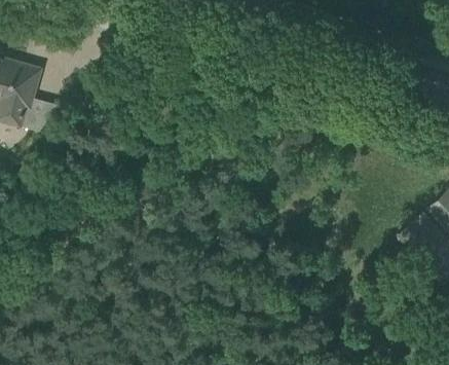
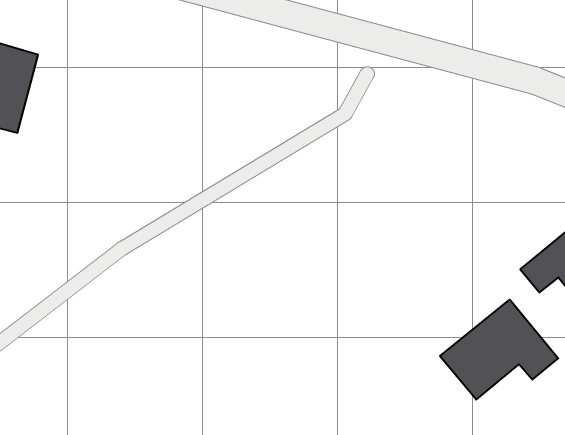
building: none -> [440,300,558,400]

